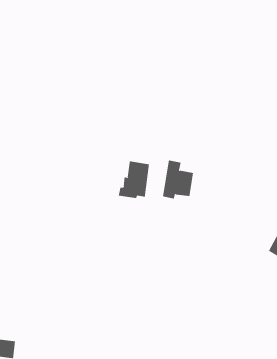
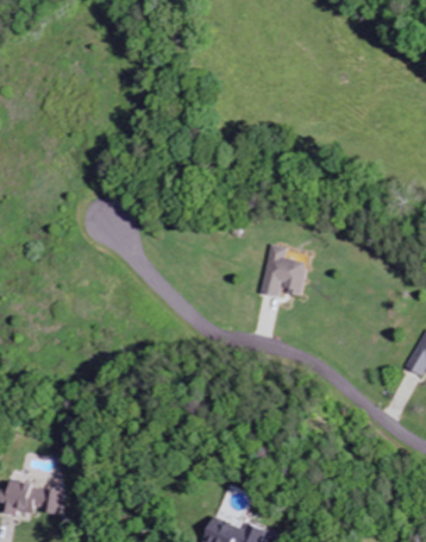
building: [118,161,149,199] -> none

